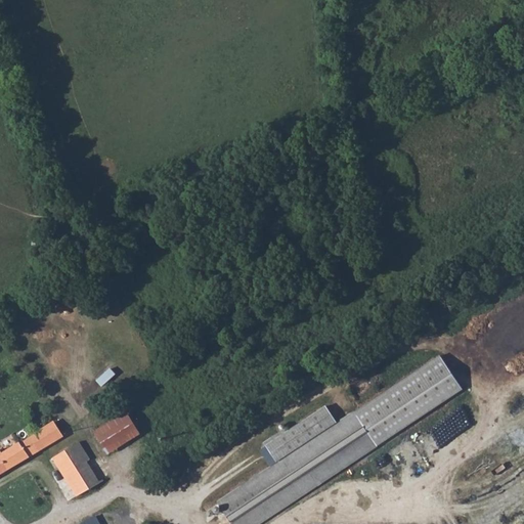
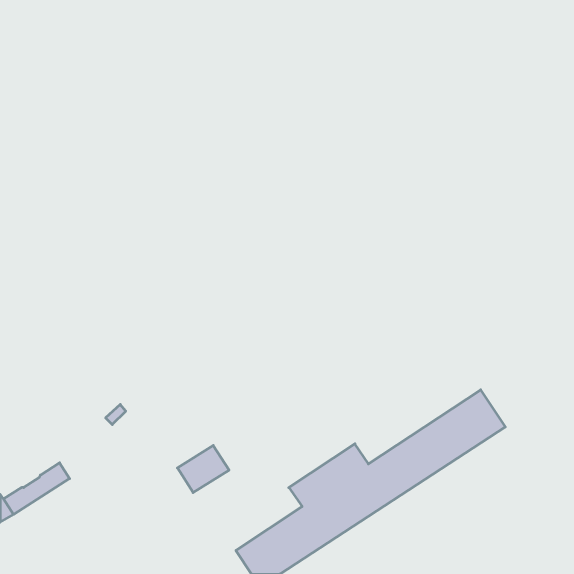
building: [95,412,142,455] -> [177,445,229,493]
building: [53,443,99,496] -> none

